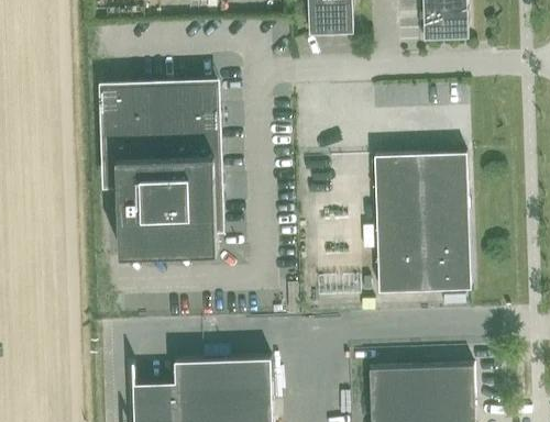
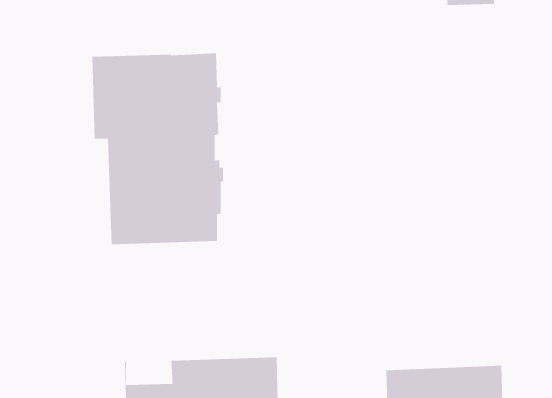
building: [373,153,471,292] -> none

